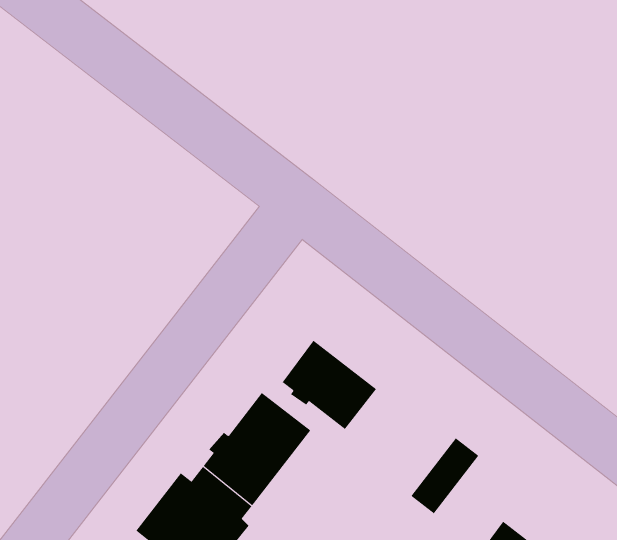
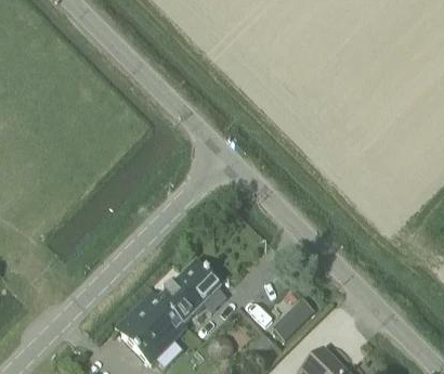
building: [282,340,377,430] -> none

